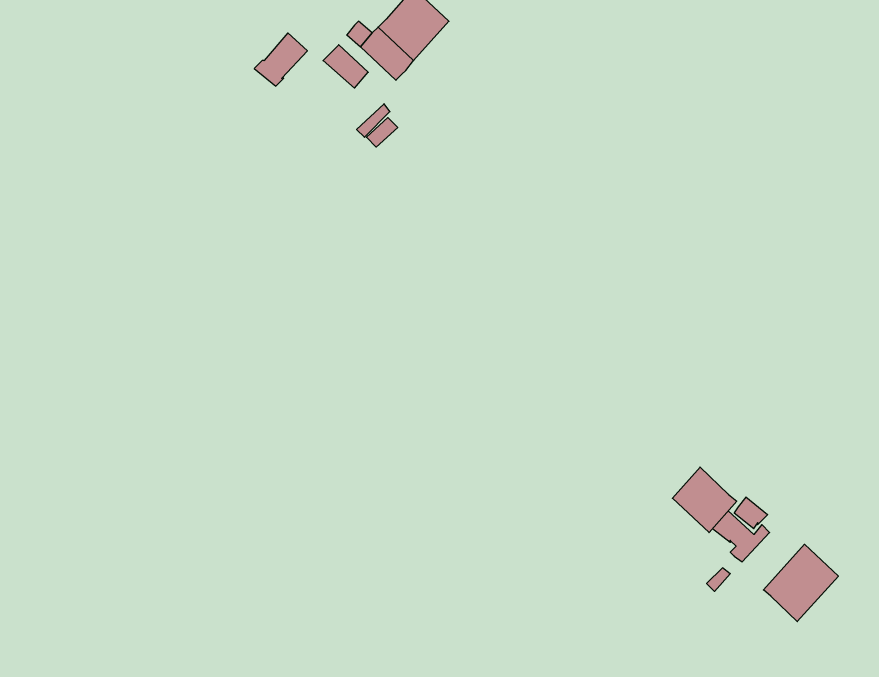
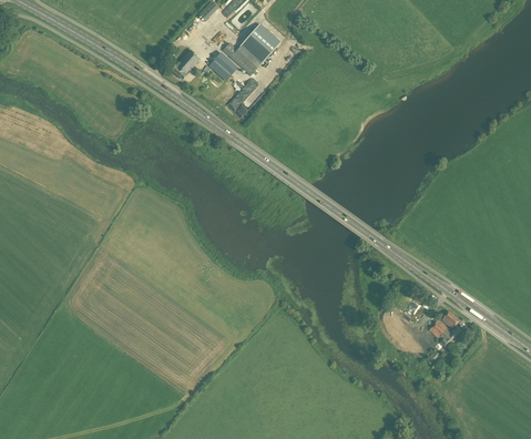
building: [672,467,737,533] -> none
building: [763,544,838,622] -> none

